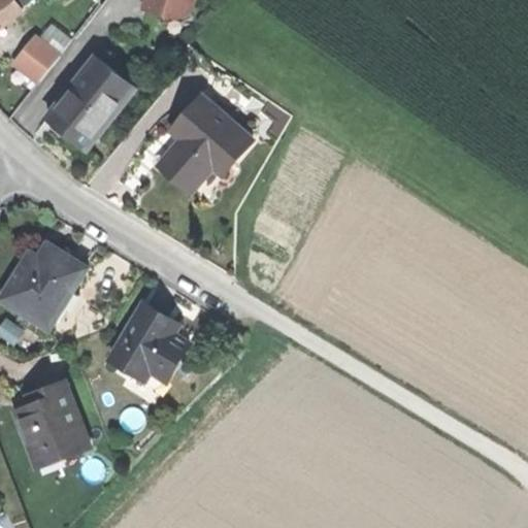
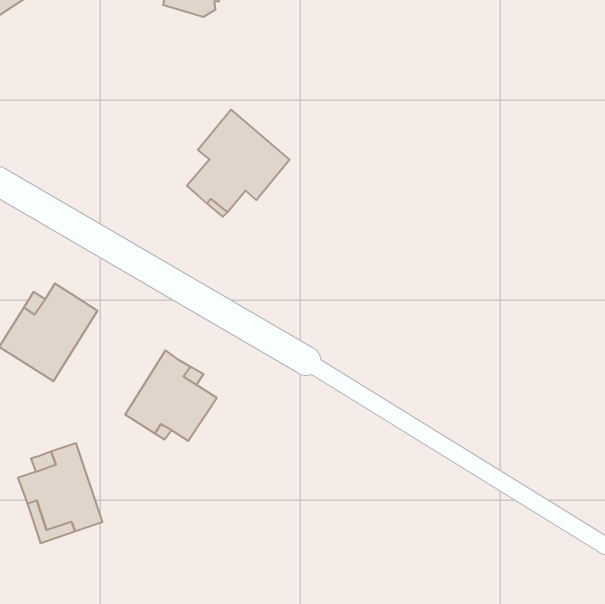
building: [18,35,60,78] -> none
building: [44,56,127,147] -> none

